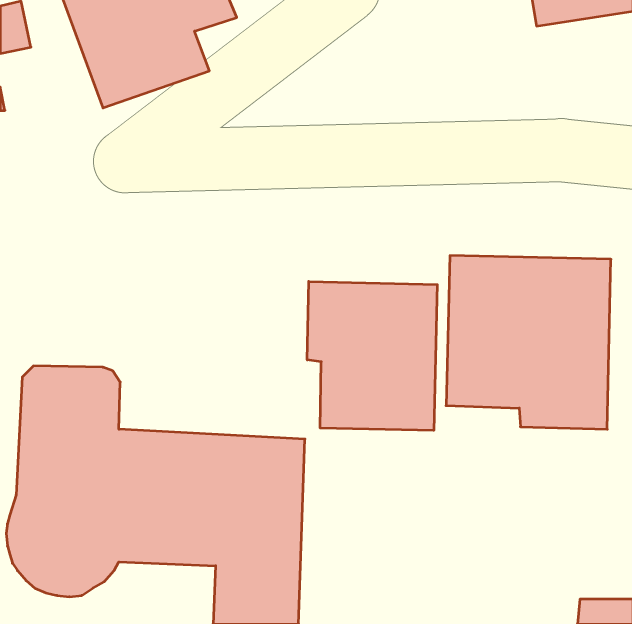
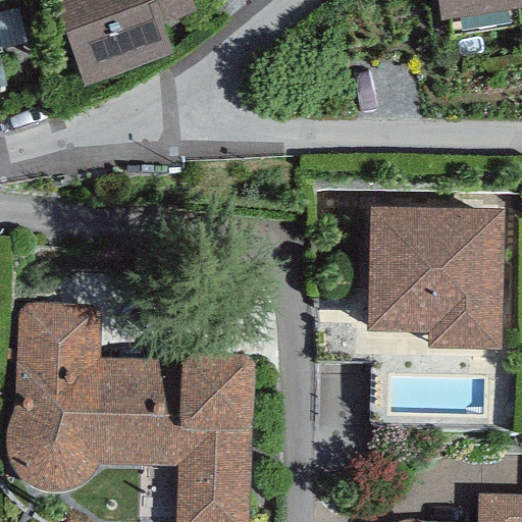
building: [307,281,437,430] -> none

